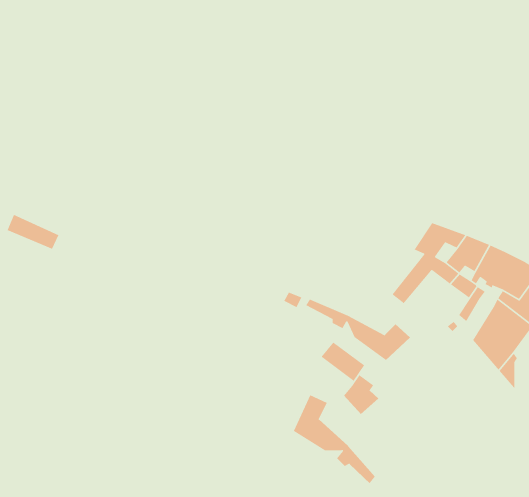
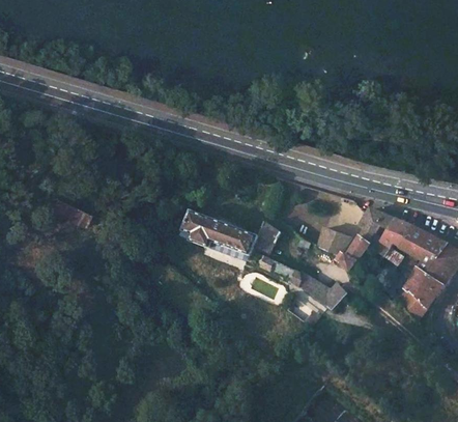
building: none -> [182,209,281,261]
building: none -> [312,227,347,256]
building: [343,374,379,415] -> none
building: [293,394,376,484] -> none

